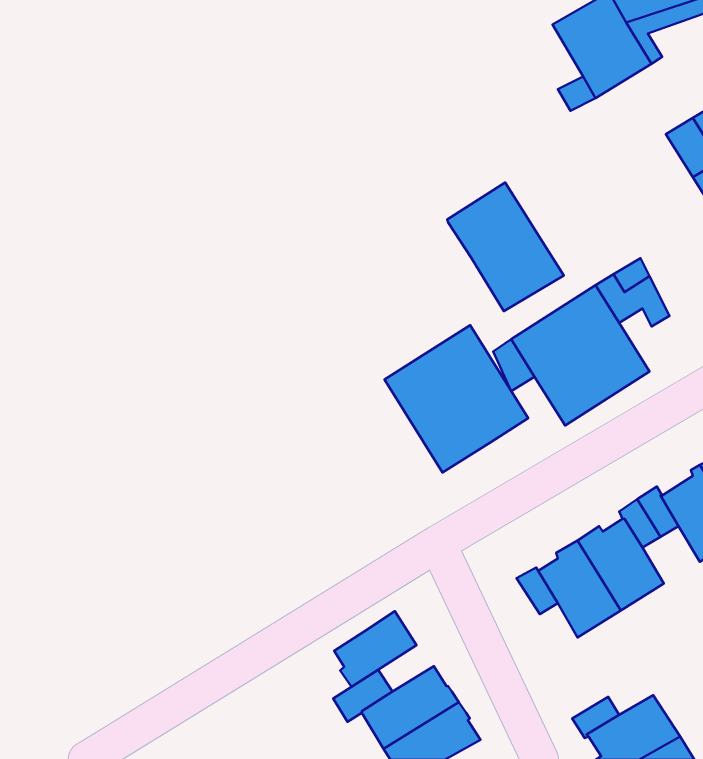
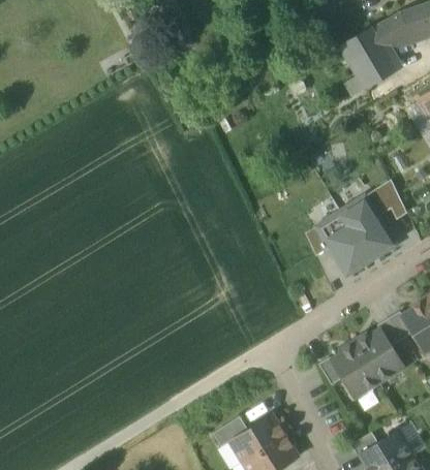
building: [447,183,564,311] -> none
building: [384,325,528,473] -> none
building: [334,611,416,687] -> none

